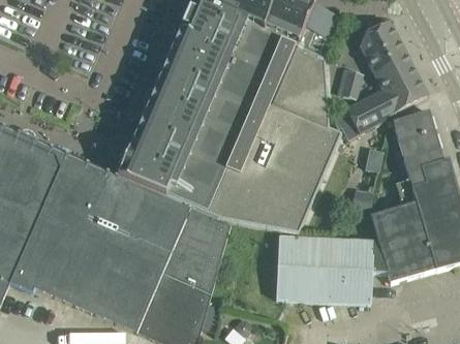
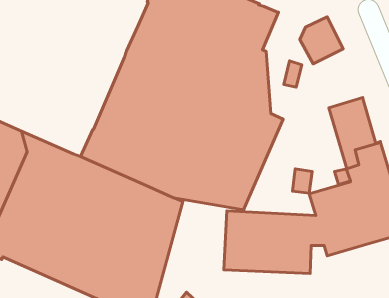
building: [345,55,426,132] -> none

